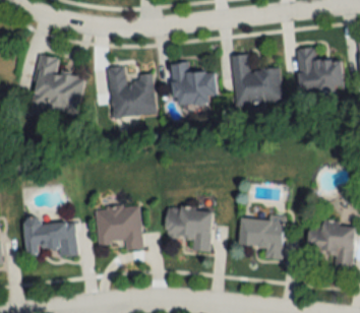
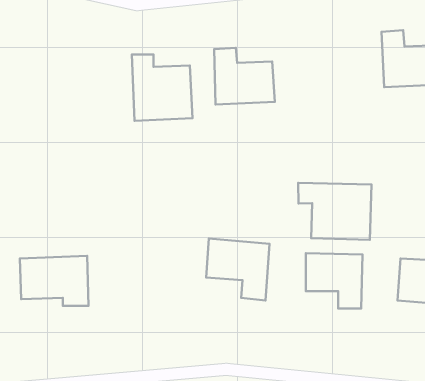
building: [29,55,84,114] -> none
building: [232,55,282,105] -> none
building: none -> [298,183,372,240]
building: [96,205,142,249] -> none

